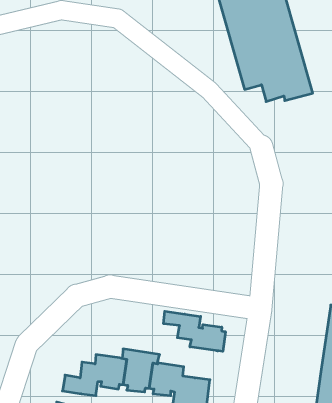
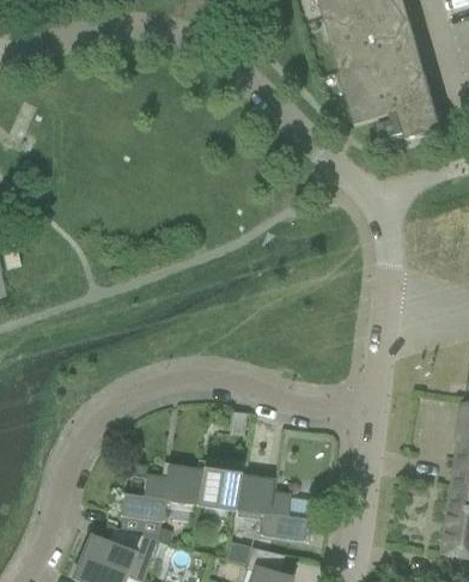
building: [164,311,225,351] -> none

